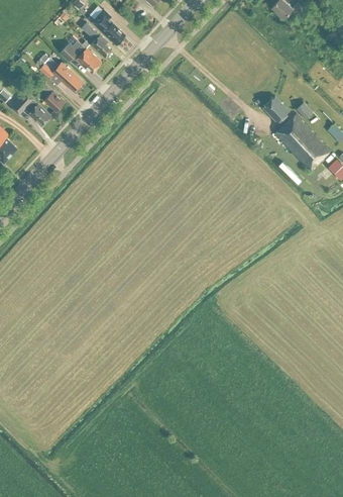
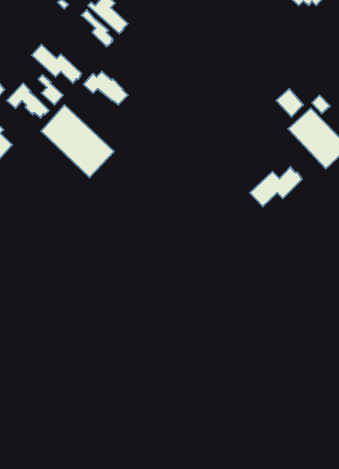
building: [60,40,101,72] -> [84,71,128,105]
building: none -> [41,105,114,178]
building: none -> [250,167,302,207]

